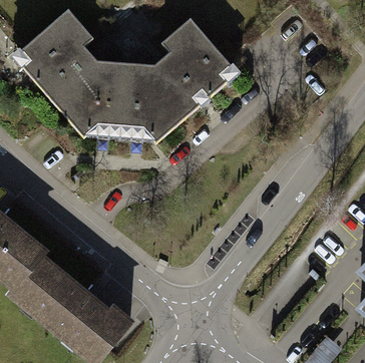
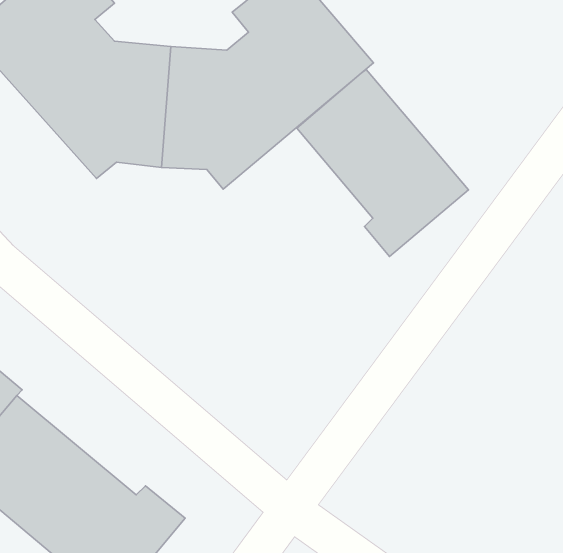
building: none -> [297,70,469,257]

